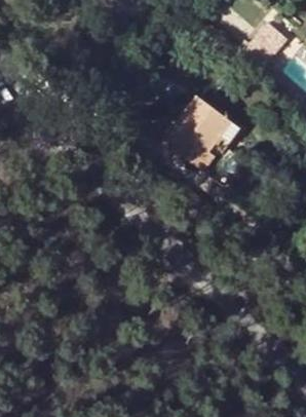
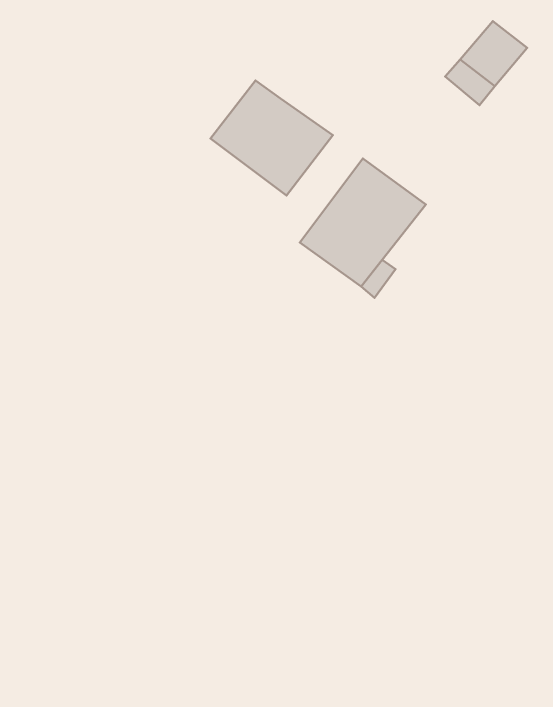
building: none -> [210,81,333,195]

